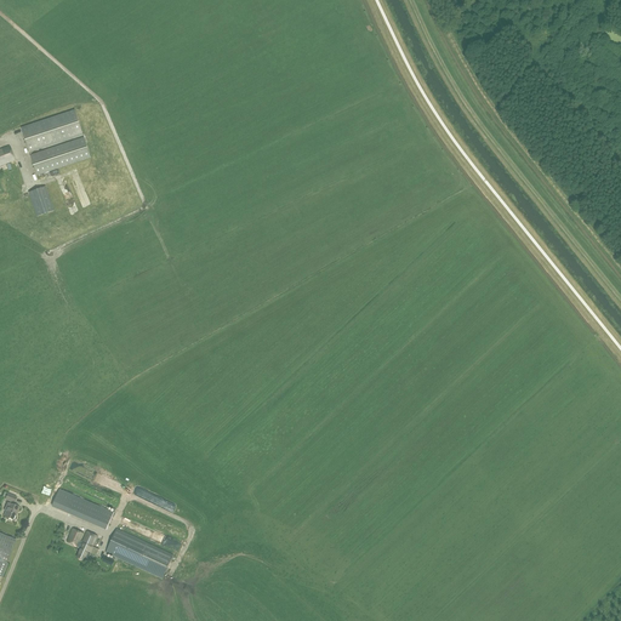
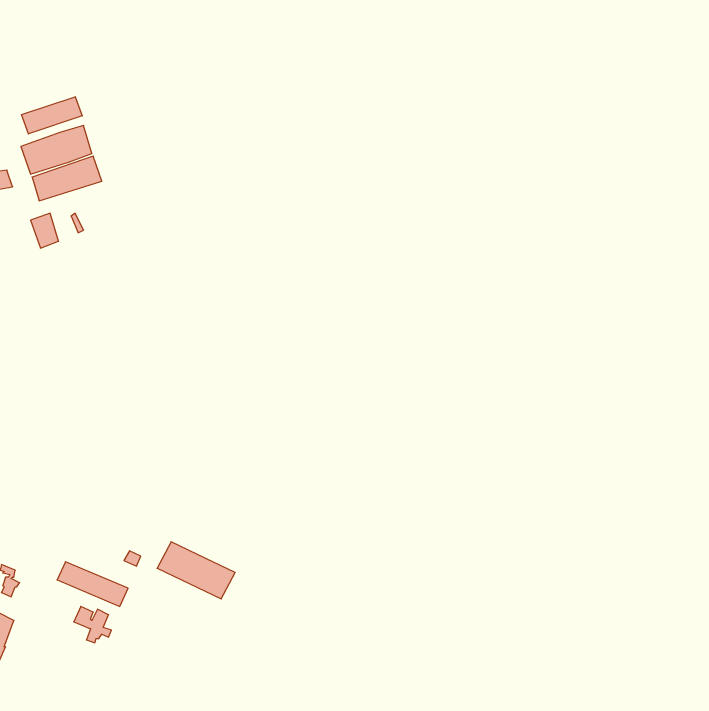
building: none -> [22,97,82,134]
building: [103,528,171,577] -> [157,542,235,599]

